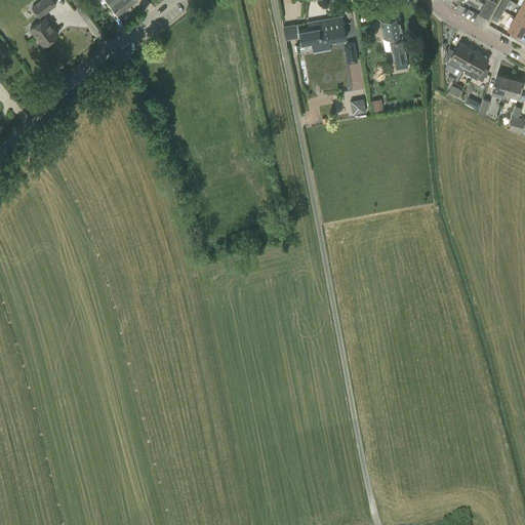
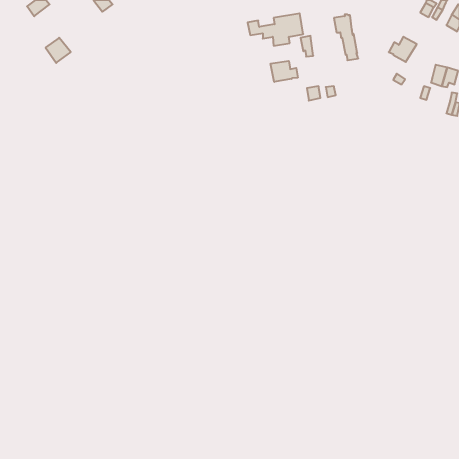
building: [31,17,59,46] -> [46,38,71,63]
building: [463,50,490,81] -> none
building: none -> [271,61,298,82]

